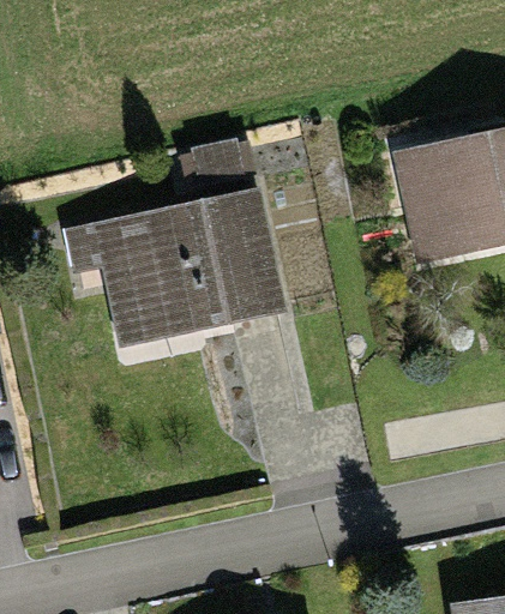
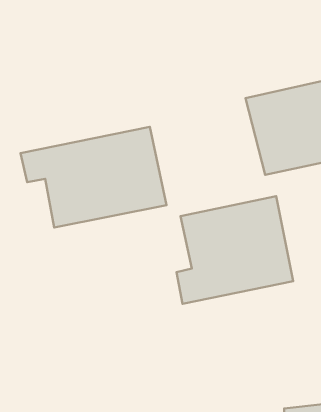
building: none -> [177,196,293,304]

